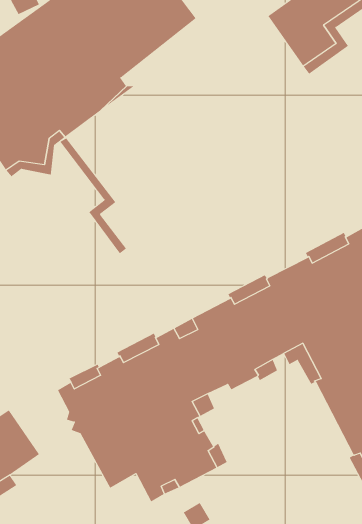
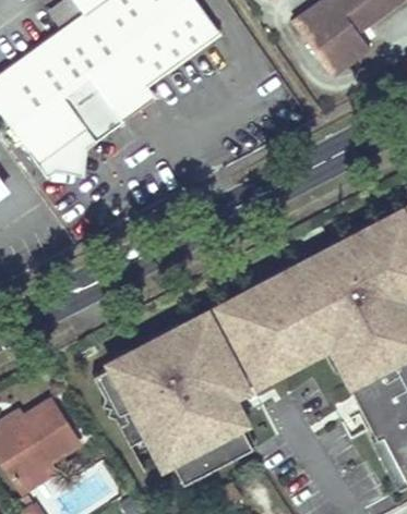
building: [60,137,127,254] -> none

